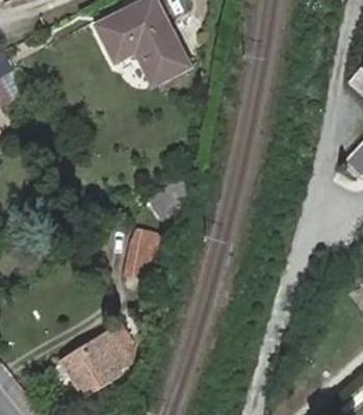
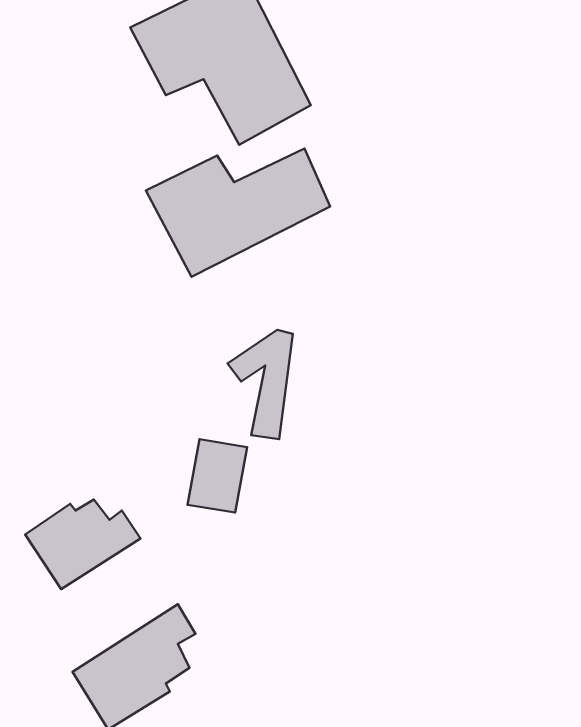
building: none -> [146,149,330,277]
building: none -> [25,499,141,589]

